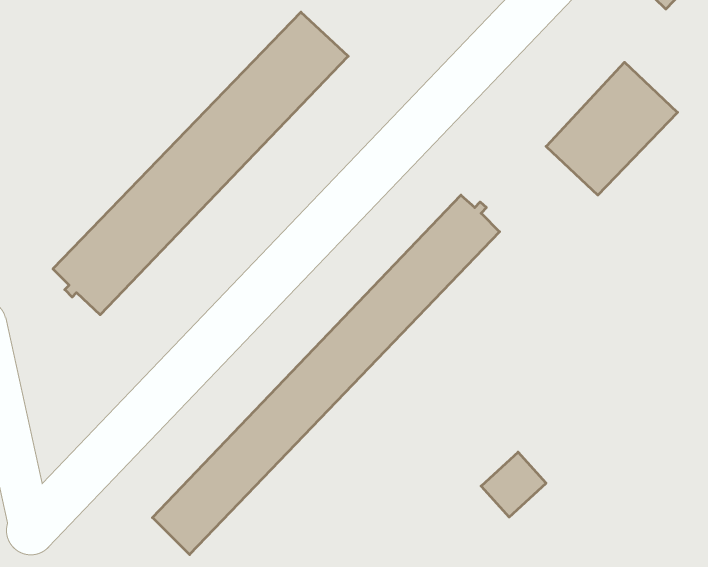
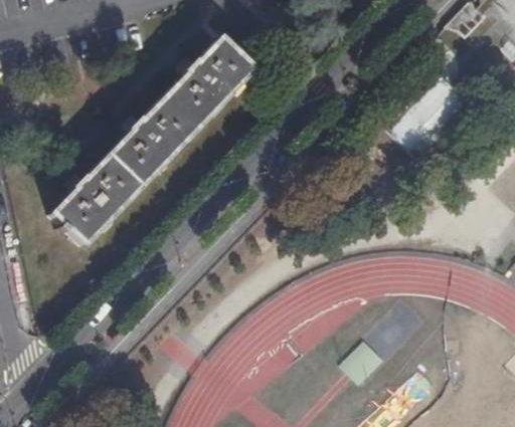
building: [152,195,500,555] -> none

